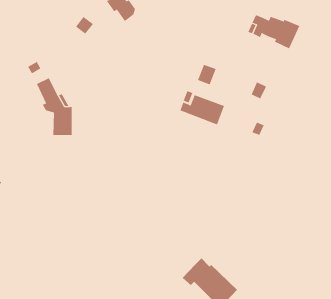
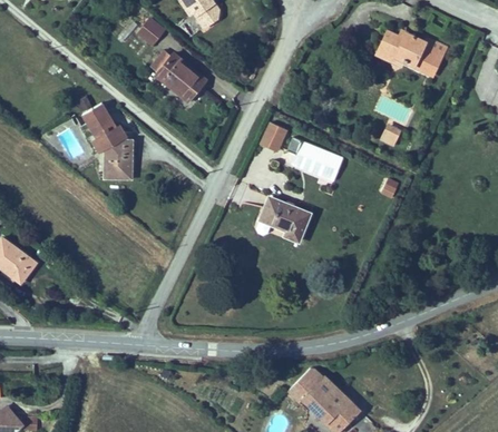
building: none -> [149,62,204,112]
building: [197,64,216,85] -> [260,121,286,150]
building: none -> [258,195,311,240]

